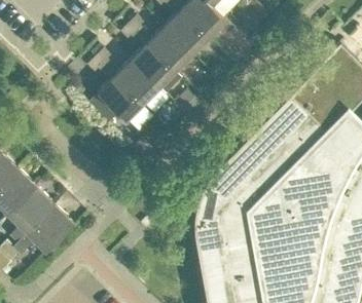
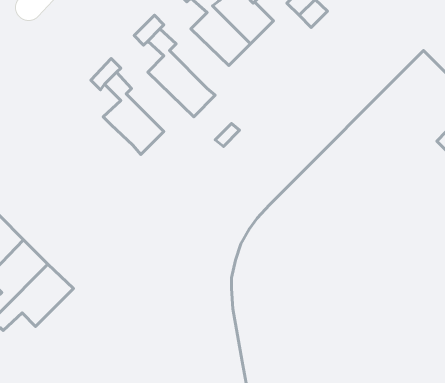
building: [146,26,191,71] -> none
building: [113,59,165,110] -> none

